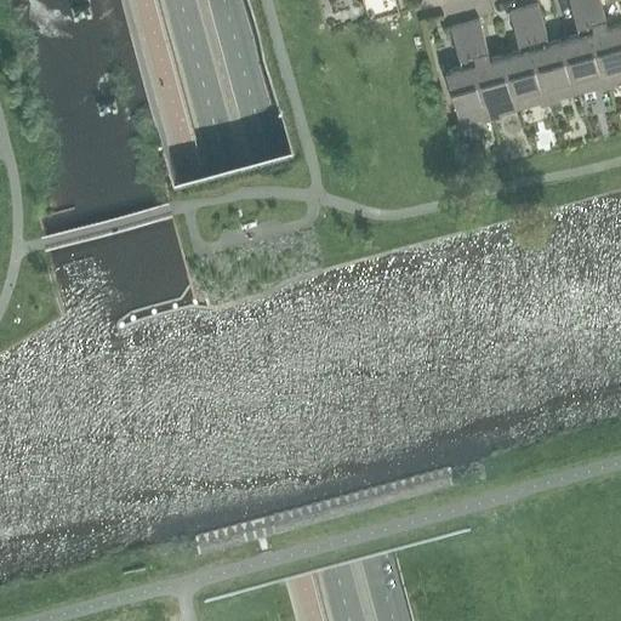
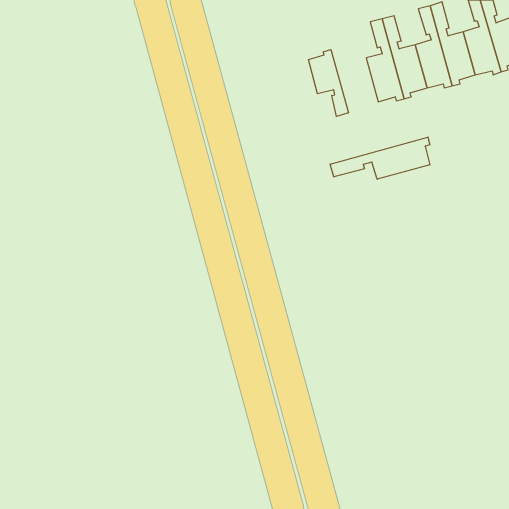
building: none -> [308,50,348,116]
building: none -> [330,137,430,179]

